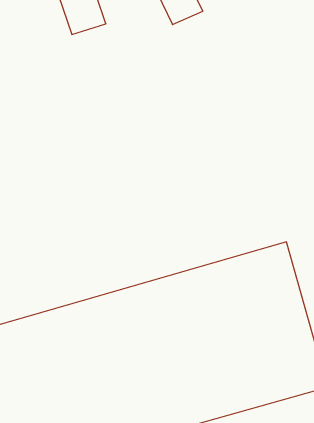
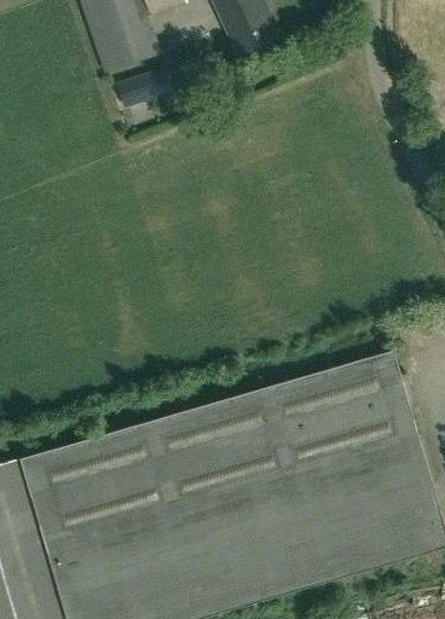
building: none -> [120,70,168,106]

